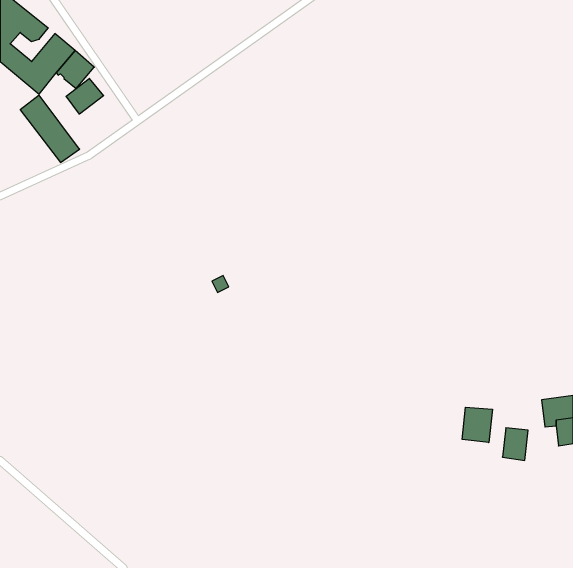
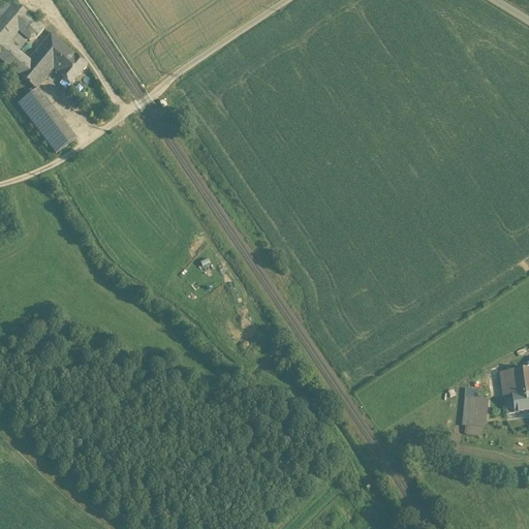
building: [66,78,104,114] -> none
building: [462,407,492,443] -> none

